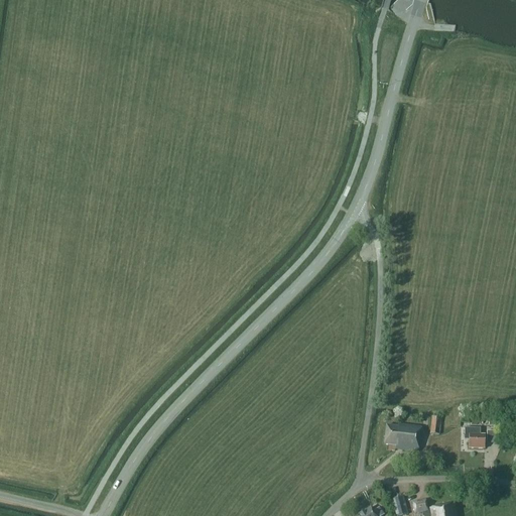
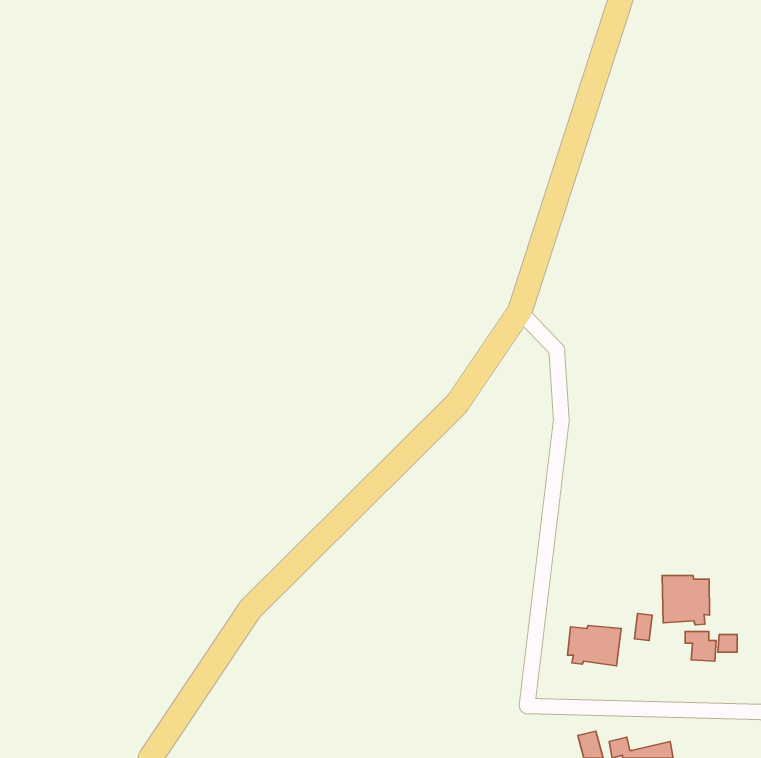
building: none -> [662,575,710,625]

